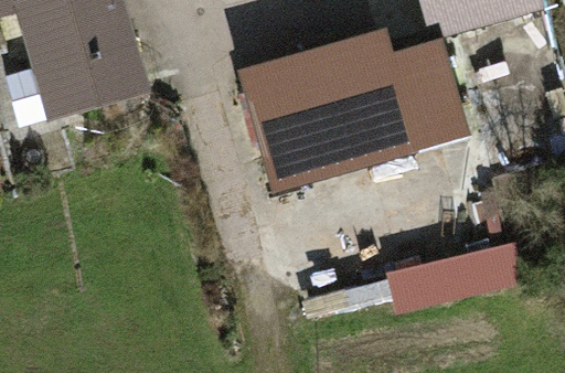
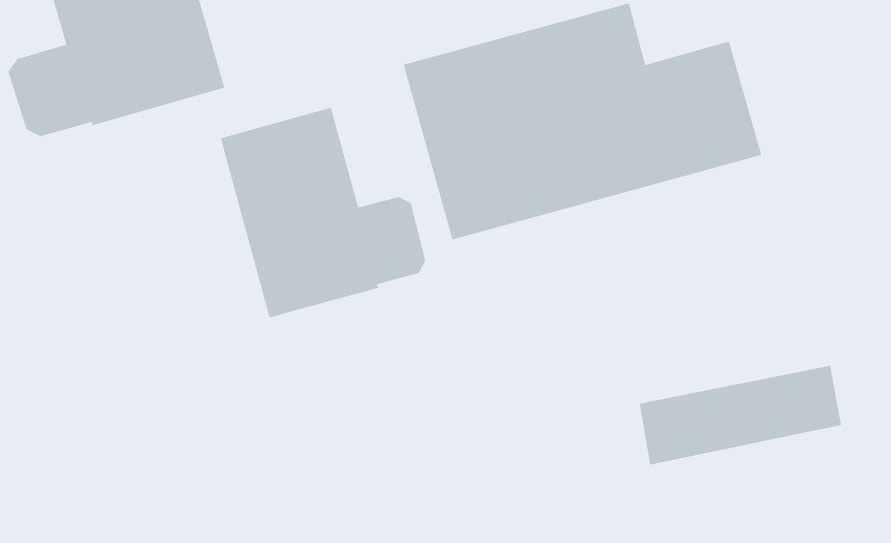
building: none -> [220,107,426,318]

